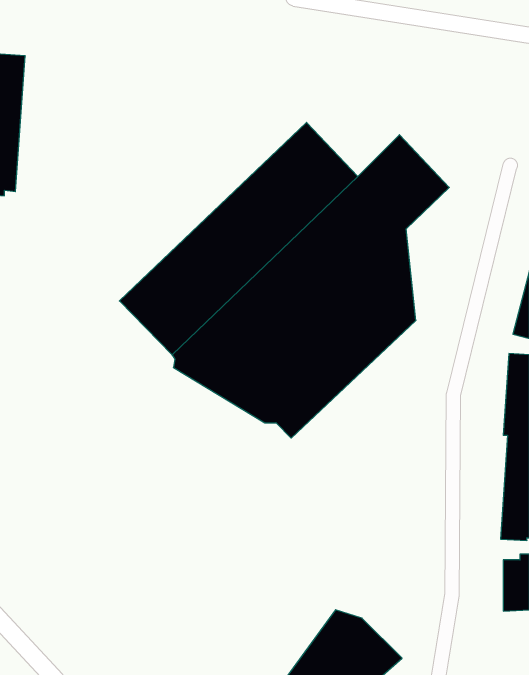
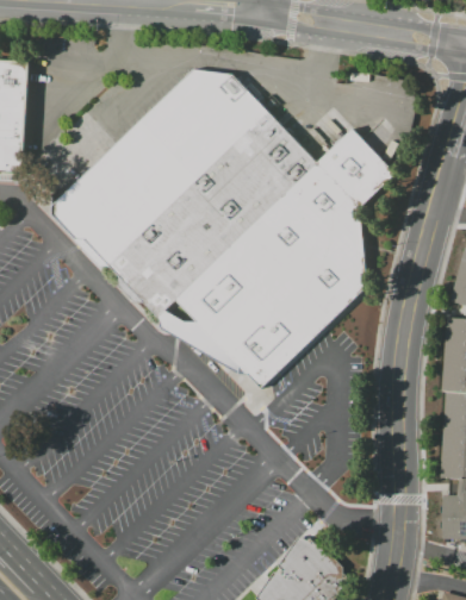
building: none -> [51,70,273,271]

